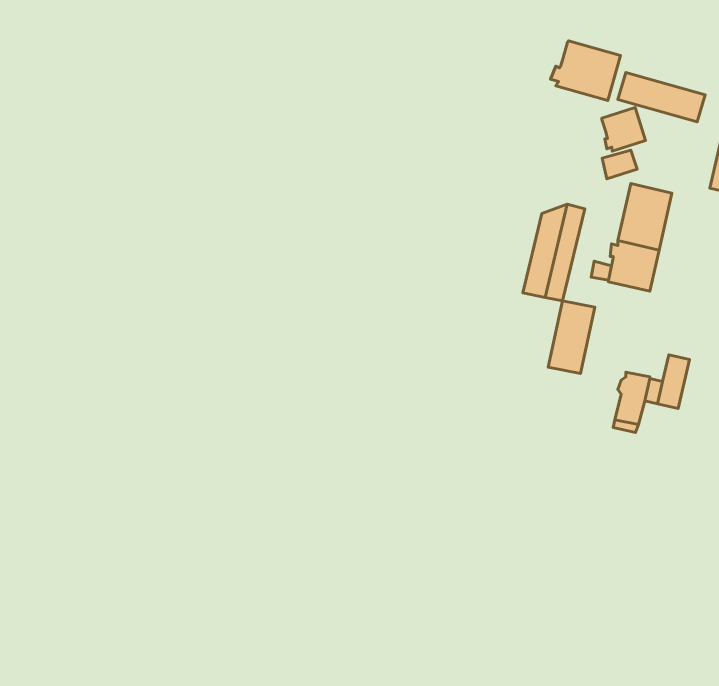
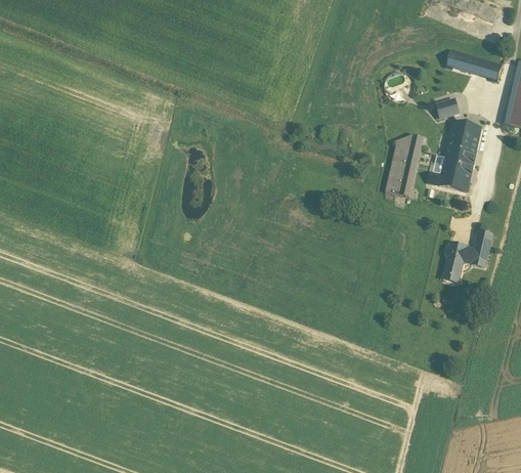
building: [550,41,620,101] -> none
building: [602,108,646,151] -> none
building: [548,301,595,374] -> none

